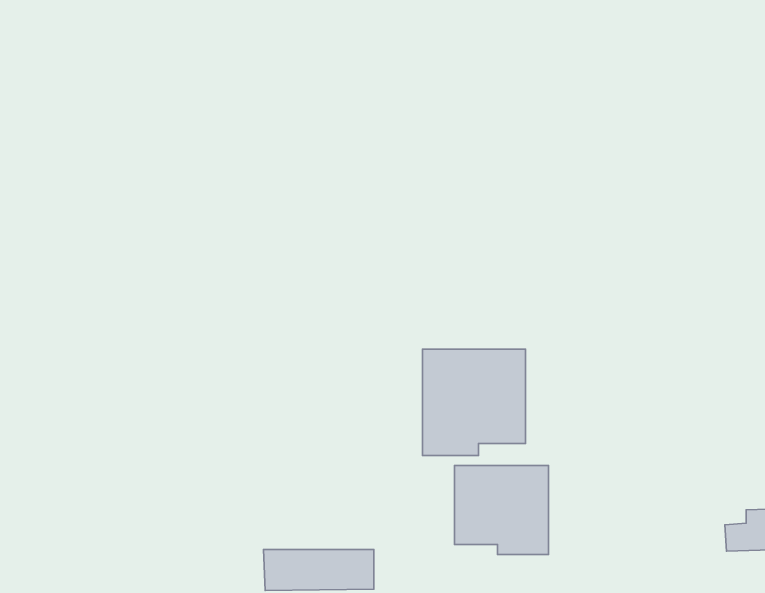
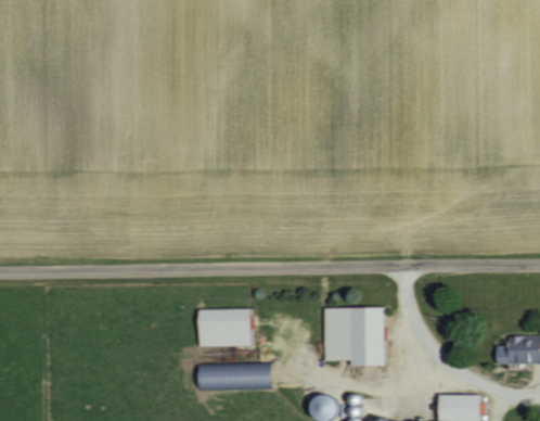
building: [422,349,525,455] -> none
building: none -> [196,309,248,346]

